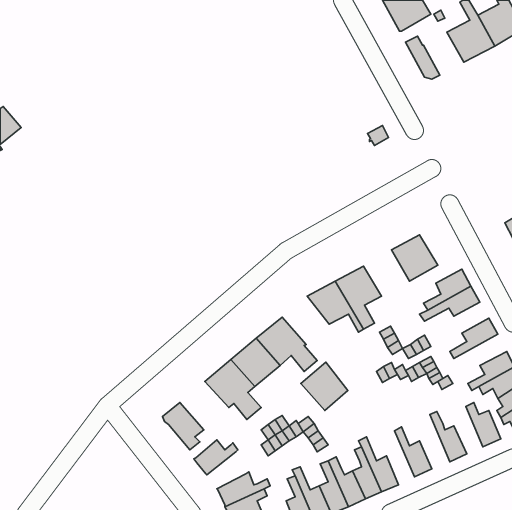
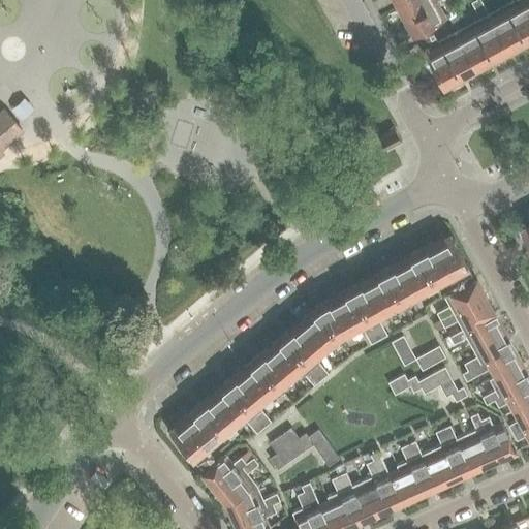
building: none -> [437,36,478,81]
building: none -> [433,236,472,283]
building: none -> [375,260,423,308]
building: none -> [449,314,504,346]
building: none -> [463,347,523,382]
building: [301,362,348,410] -> [291,308,340,357]
building: none -> [186,396,237,445]
building: none -> [468,414,498,470]
building: none -> [433,430,464,486]
building: none -> [399,446,428,502]
building: none -> [214,460,258,506]

